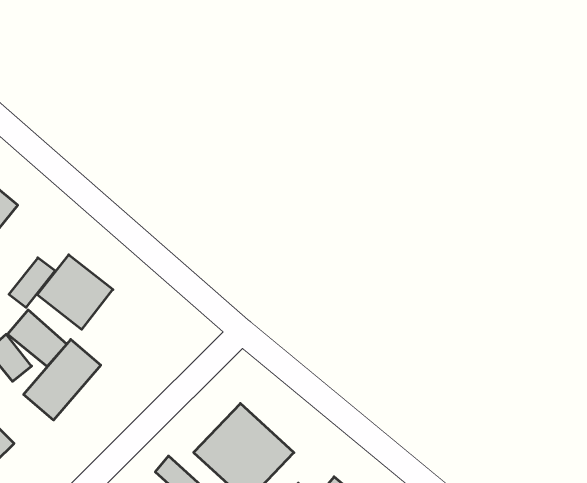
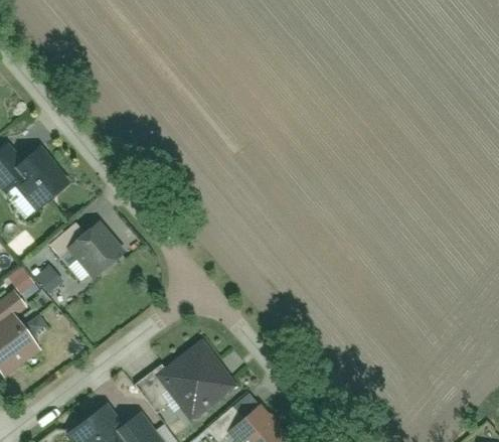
building: [24,339,101,420] -> none

